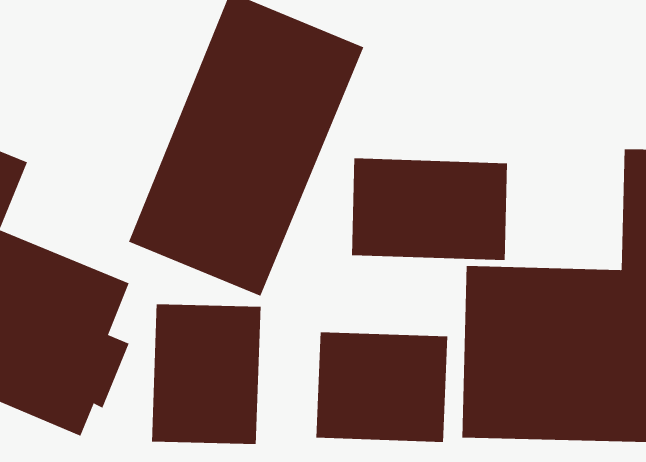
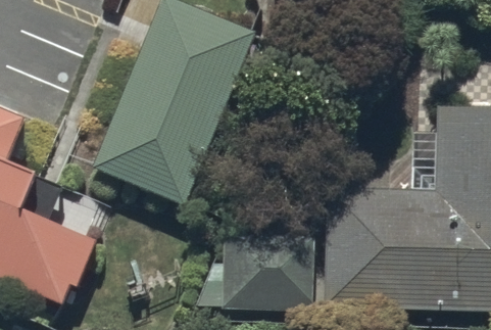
building: [351,158,508,261] -> none
building: [151,303,261,445] -> none

